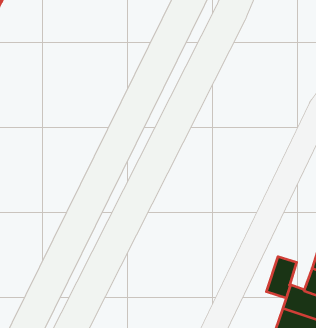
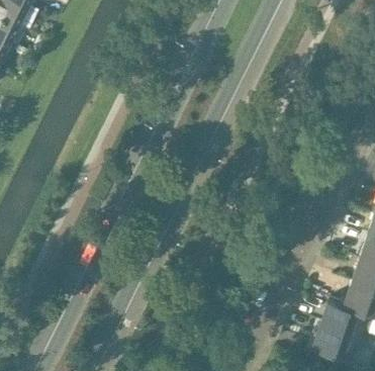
building: [266,257,297,298] -> none

